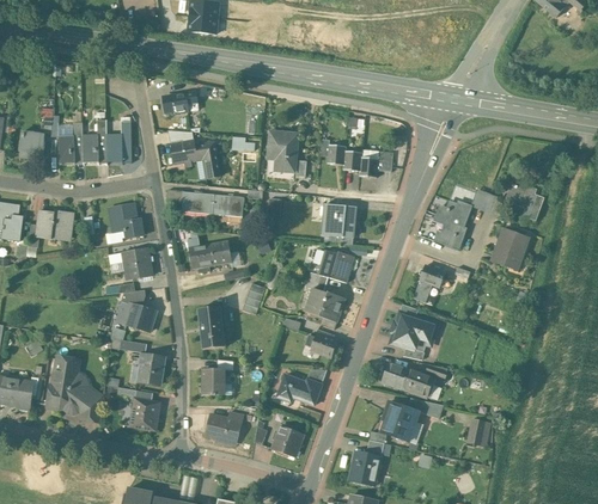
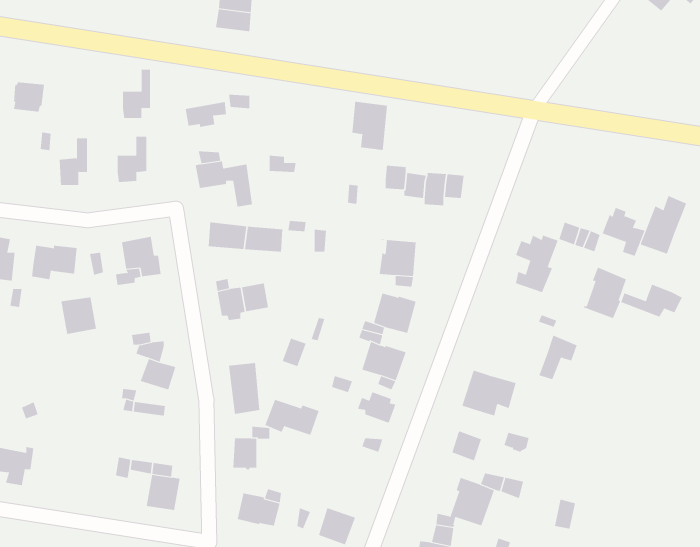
building: [83,118,106,159] -> [122,69,151,119]
building: [268,131,298,172] -> [351,101,388,150]
building: [18,133,44,158] -> [13,82,45,112]
building: none -> [640,195,687,254]
building: none -> [620,284,682,318]
building: [123,247,153,278] -> [61,297,97,335]
building: [413,265,445,302] -> [538,335,578,380]
building: [138,354,165,383] -> none
building: [48,358,103,420] -> none
building: [402,369,433,398] -> none
building: [276,375,322,405] -> [264,399,319,435]

